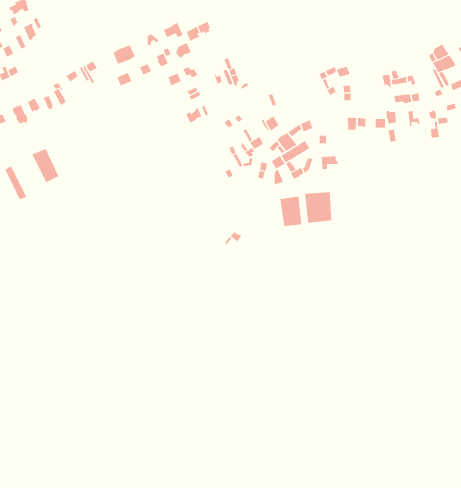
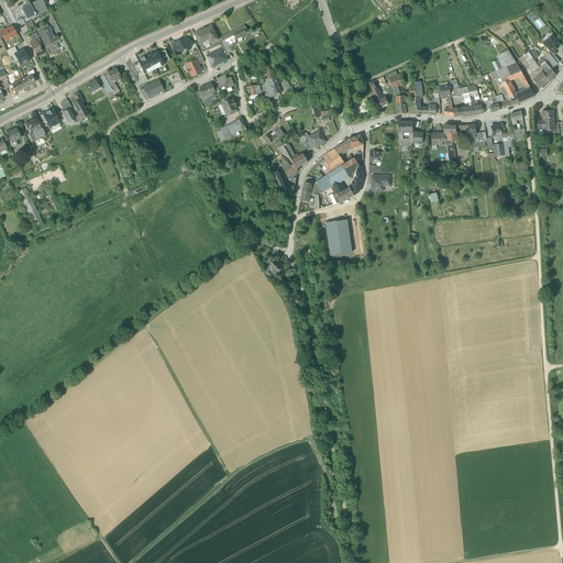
building: [32,148,59,183] -> none
building: [304,191,332,223] -> none

